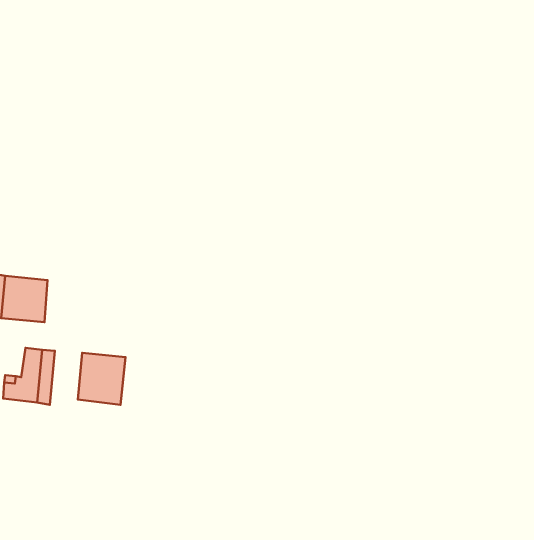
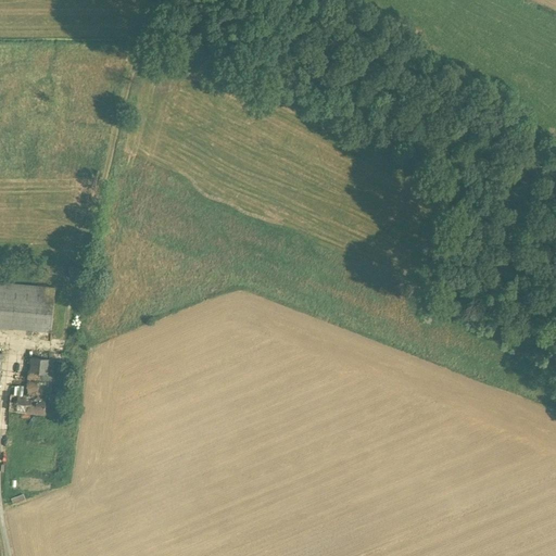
building: [78,353,125,405] -> none

